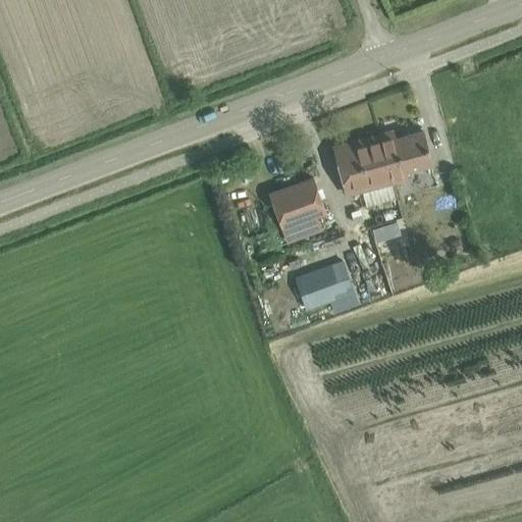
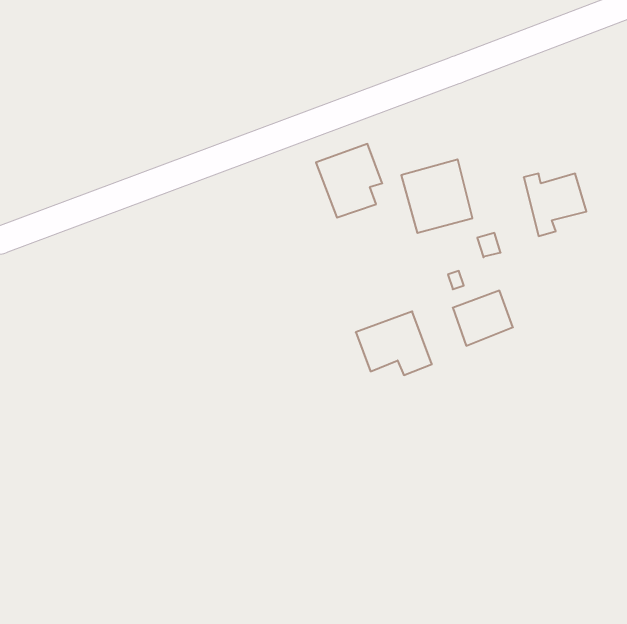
building: [380,132,432,184] -> [524,174,586,236]
building: [270,179,325,241] -> [316,144,382,218]

